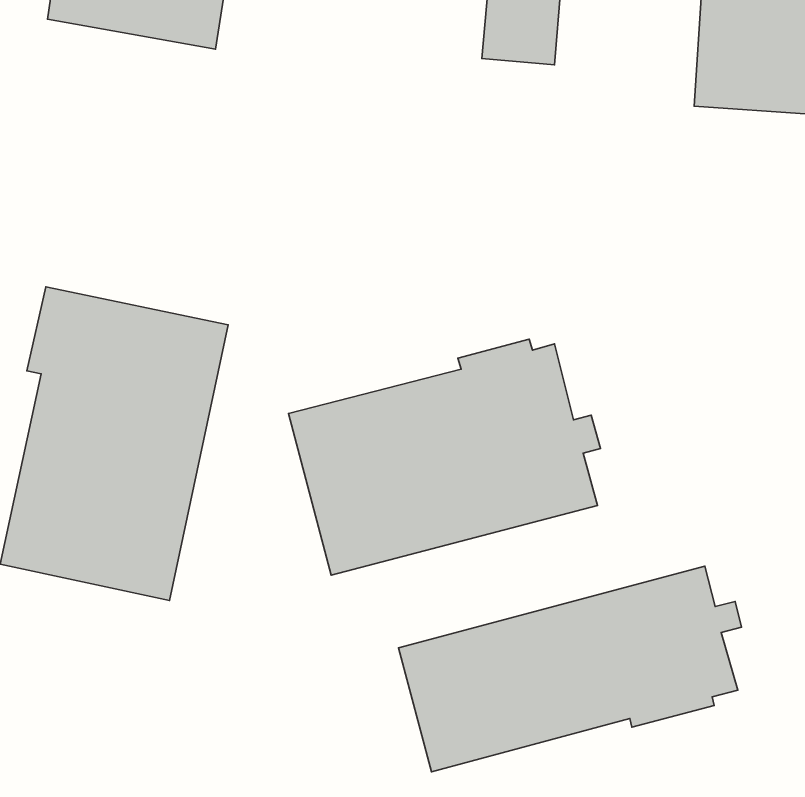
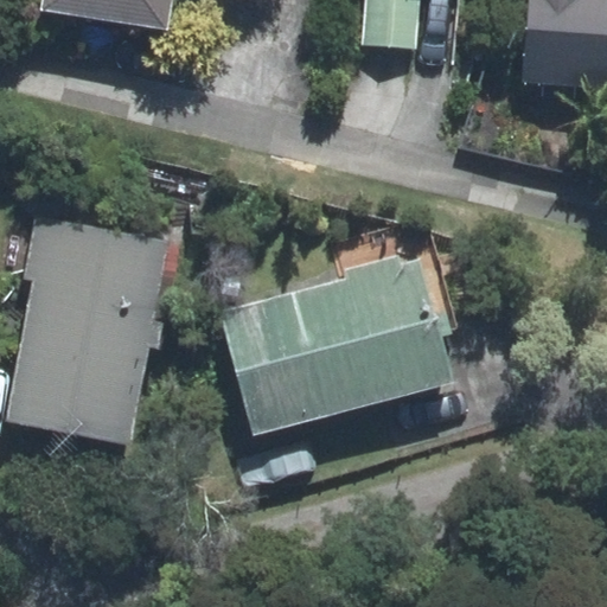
building: [399,566,741,772] -> none

